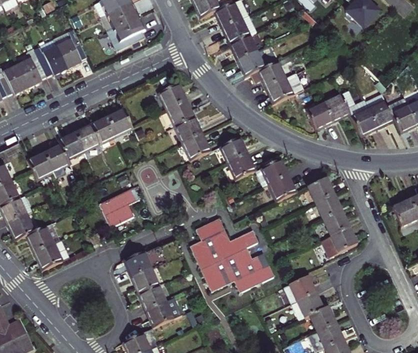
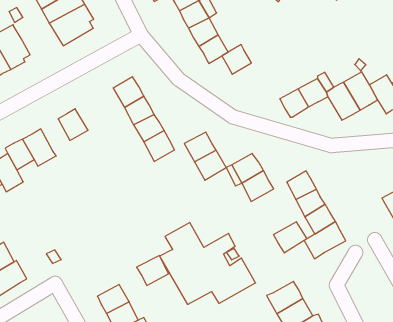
building: [266,73,302,103] -> none
building: [92,116,117,144] -> none
building: [100,186,140,226] -> none
building: none -> [274,222,307,253]
building: [124,251,152,277] -> [137,256,168,285]

